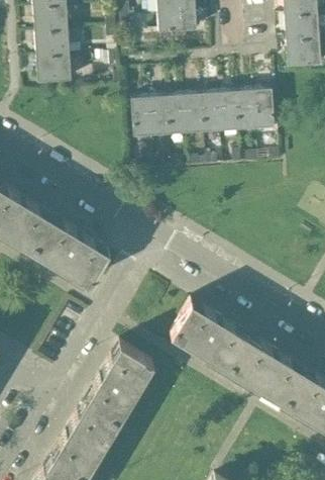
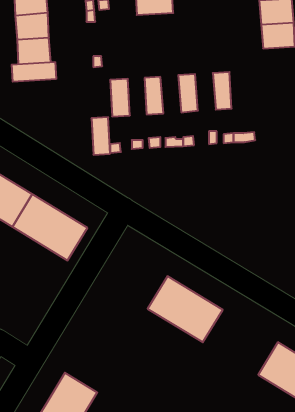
building: none -> [12,62,56,82]
building: [256,93,277,131] -> none
building: [221,95,242,133] -> none
building: [186,97,207,136] -> none
building: [152,100,172,138] -> [91,117,110,155]
building: [229,338,306,404] -> none
building: [88,346,155,422] -> none

